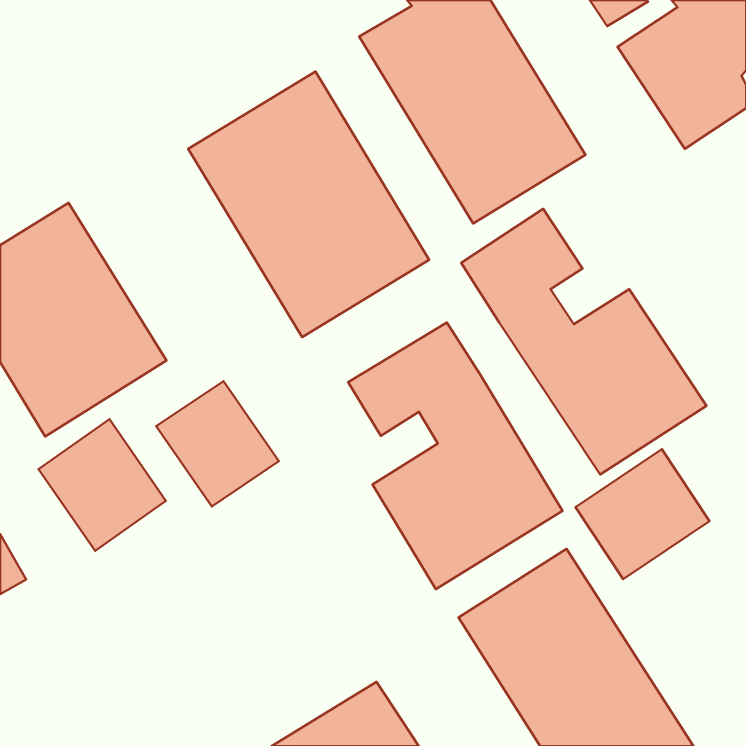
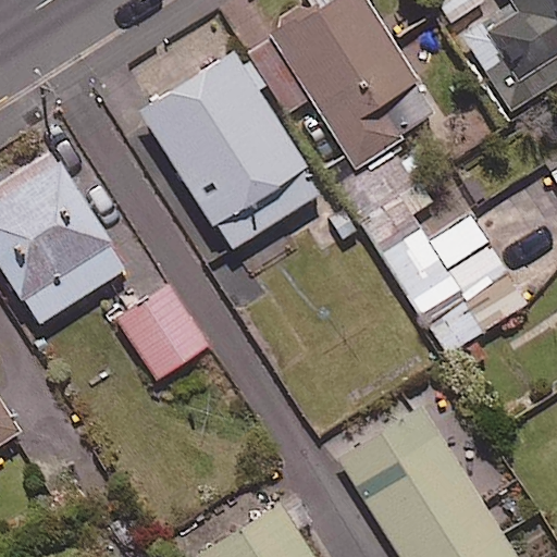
building: [348,323,563,589] -> none
building: [39,419,166,551] -> none
building: [576,449,709,579] -> none

